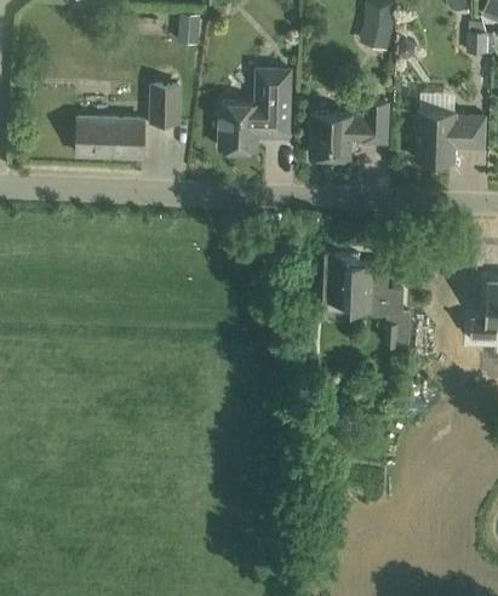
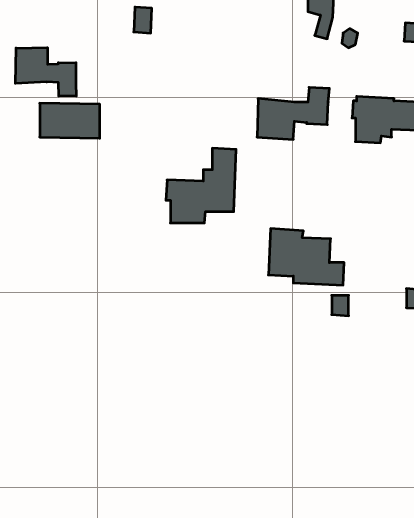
building: none -> [15,48,76,96]
building: [214,69,290,149] -> [166,148,236,223]
building: [151,84,179,122] -> none

